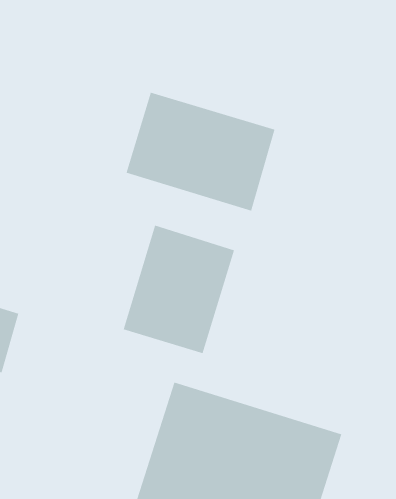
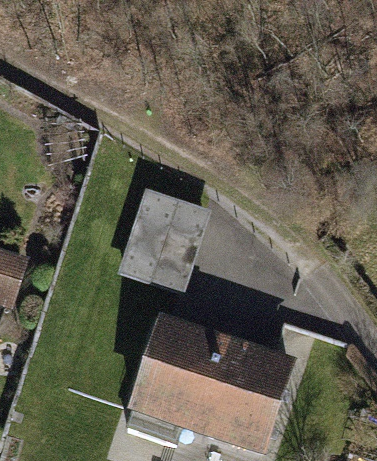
building: [126,92,275,211] -> none

